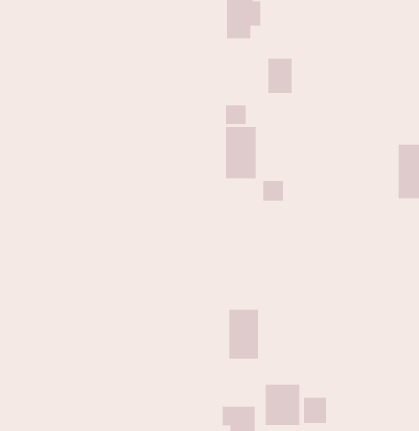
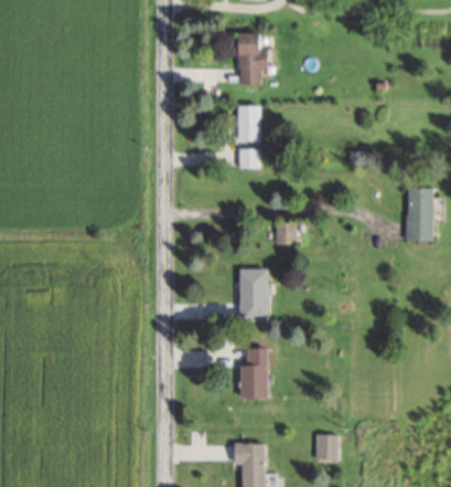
building: [268,58,292,94] -> [236,106,260,141]
building: [225,126,257,179] -> [238,269,269,321]
building: [265,384,300,426] -> none

